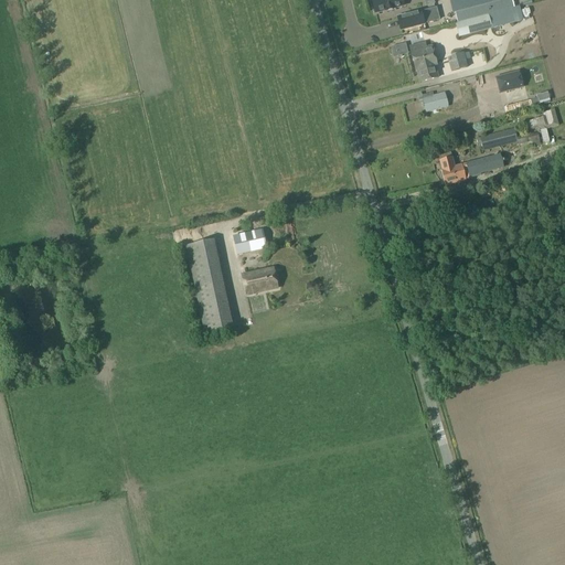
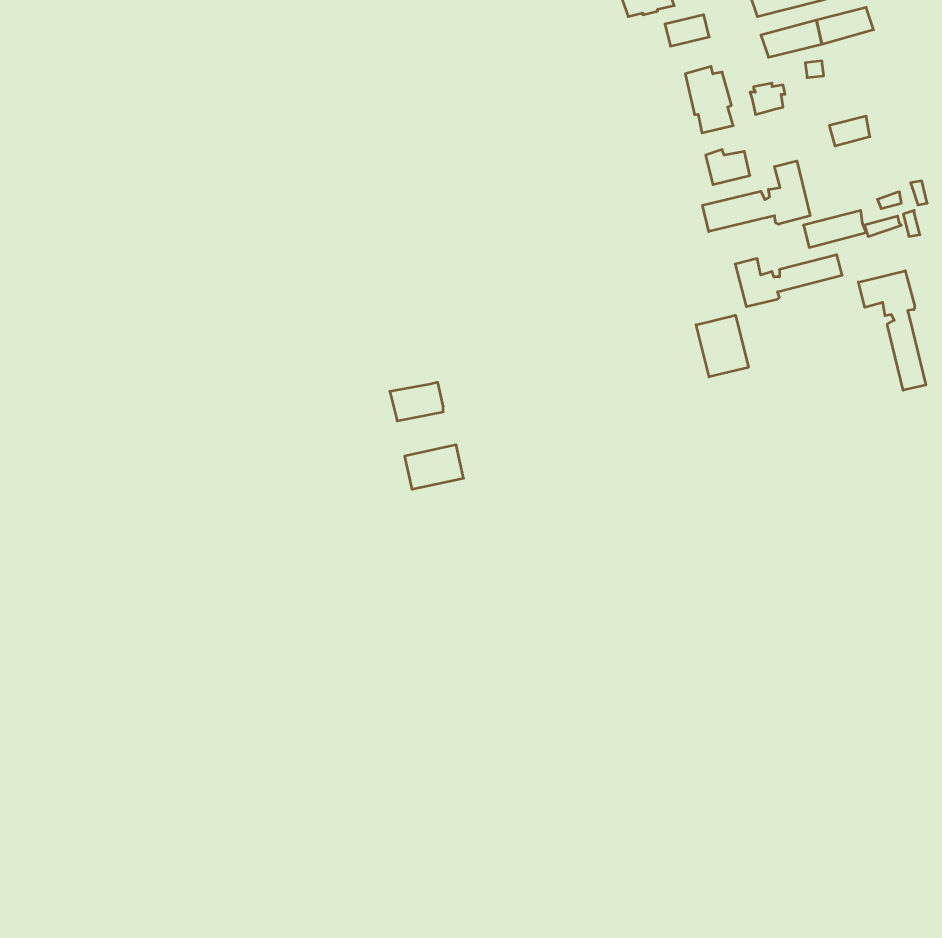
building: none -> [703,161,810,232]
building: none -> [858,271,926,390]
building: none -> [696,315,748,377]
building: [186,238,232,332] -> none

